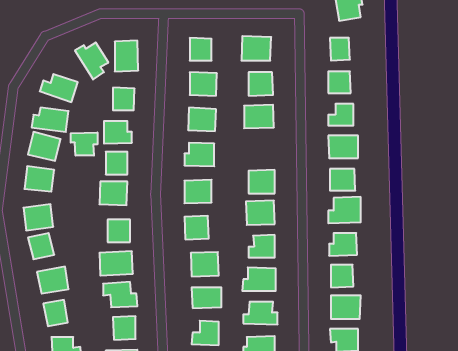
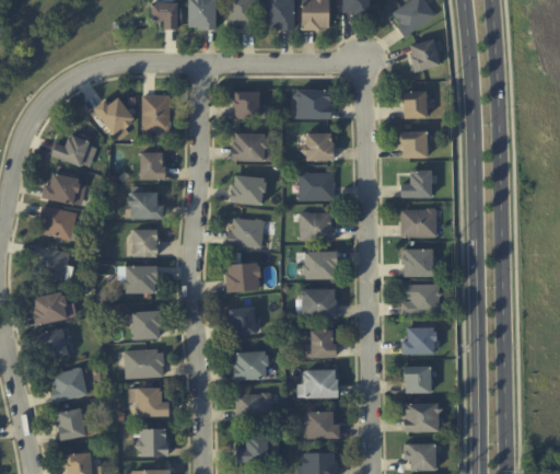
building: [71,132,97,156] -> none
building: none -> [300,212,335,240]

